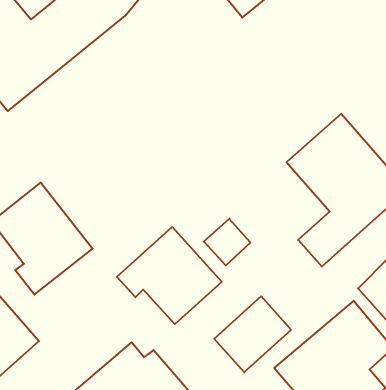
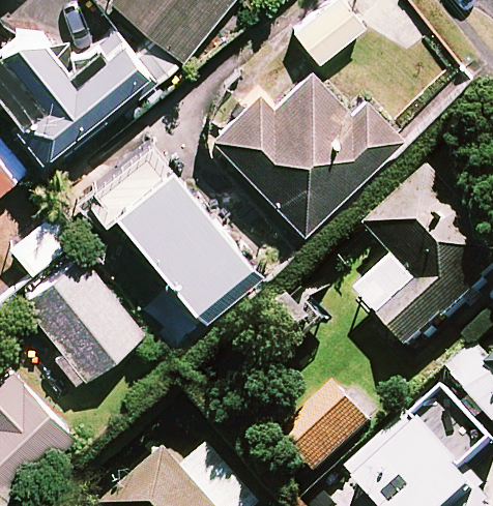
building: none -> [210,68,399,233]
building: none -> [113,161,259,317]
building: [117,227,222,324] -> none

